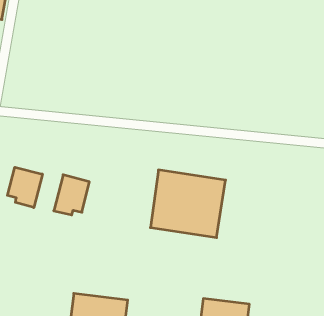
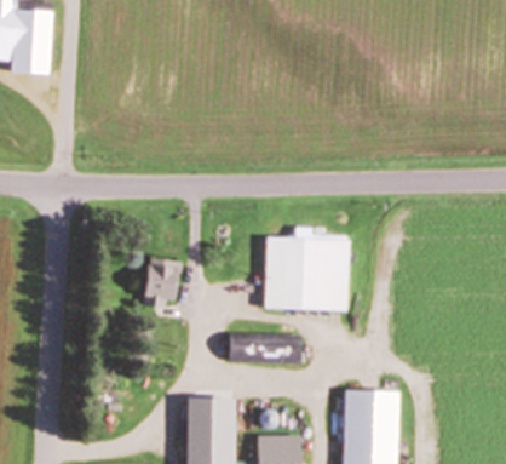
building: [7,167,42,208] -> none
building: none -> [230,333,295,362]

